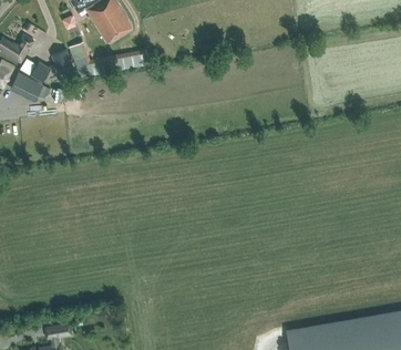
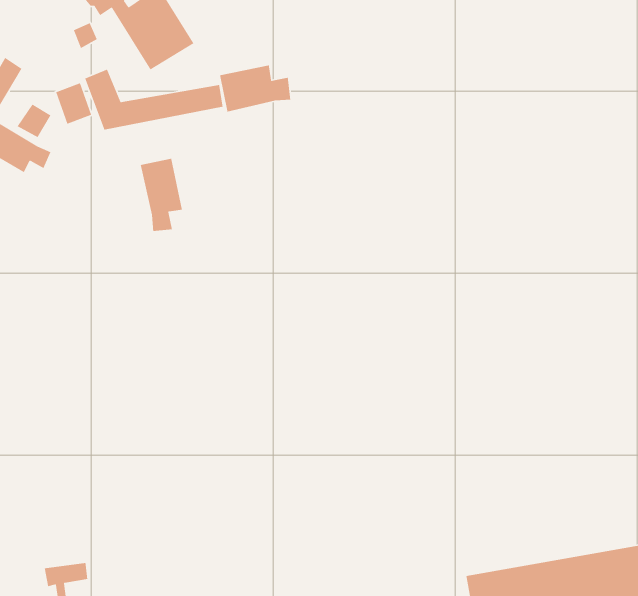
building: none -> [219,64,291,112]
building: none -> [140,158,183,232]

